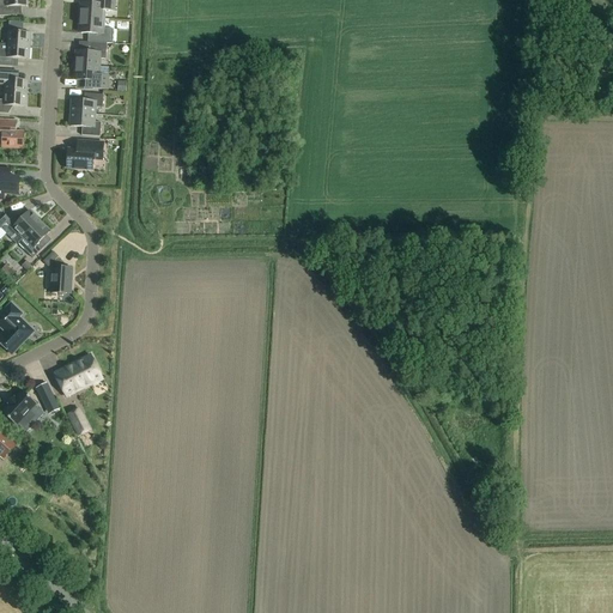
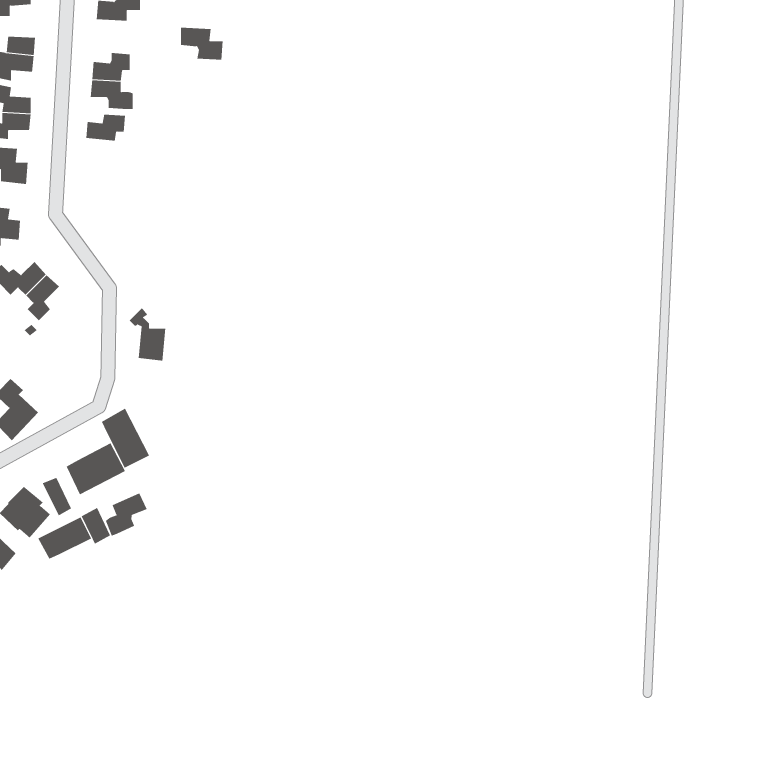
building: [77,16,111,42] -> [180,27,224,60]
building: [68,110,99,134] -> none
building: [65,139,102,168] -> none
building: [41,249,71,292] -> [129,307,166,361]
building: none -> [101,408,150,468]
building: none -> [105,493,148,537]
building: none -> [37,516,92,560]

